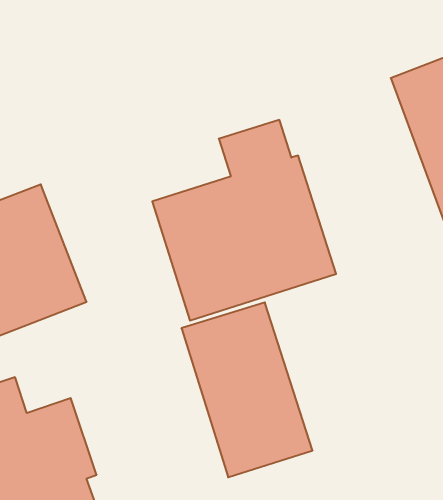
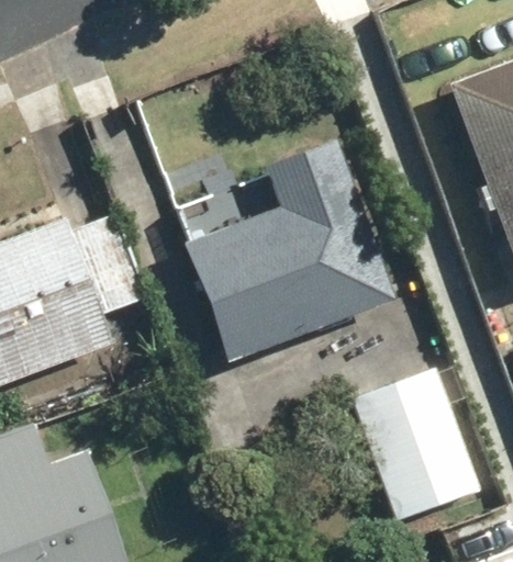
building: [181,302,313,477] -> [343,352,488,546]

